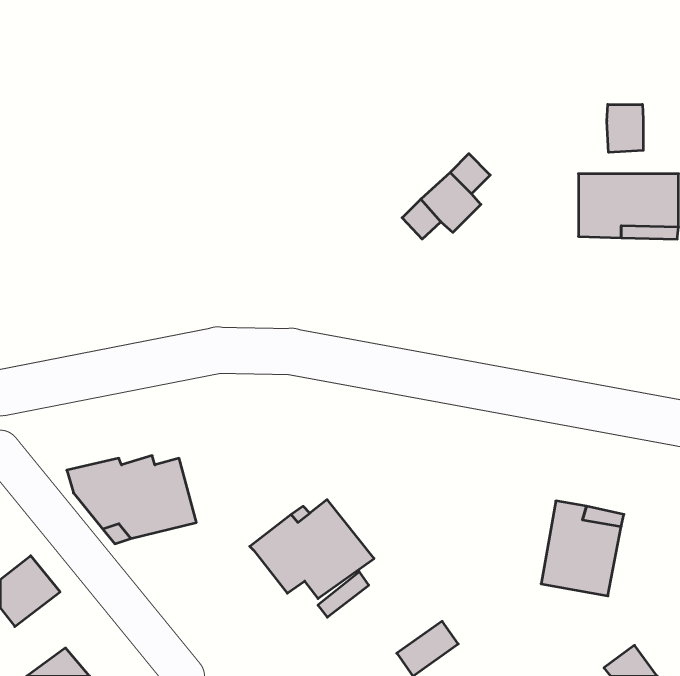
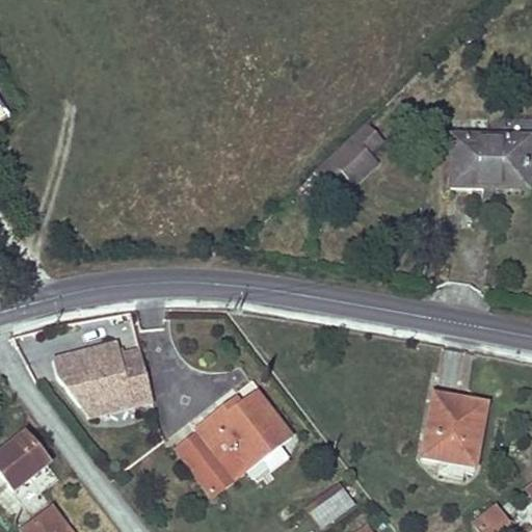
building: [607,104,643,152] -> none
building: none -> [179,428,249,490]

